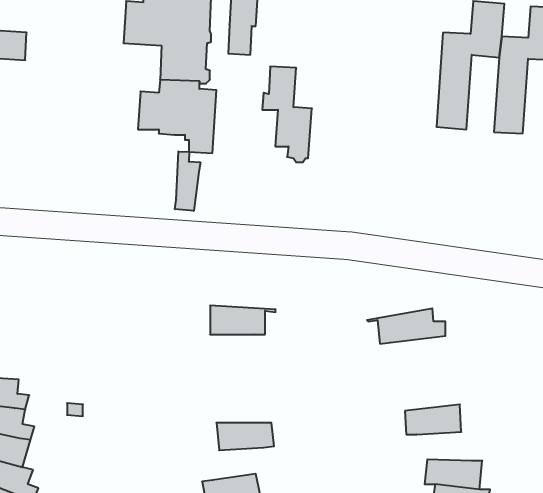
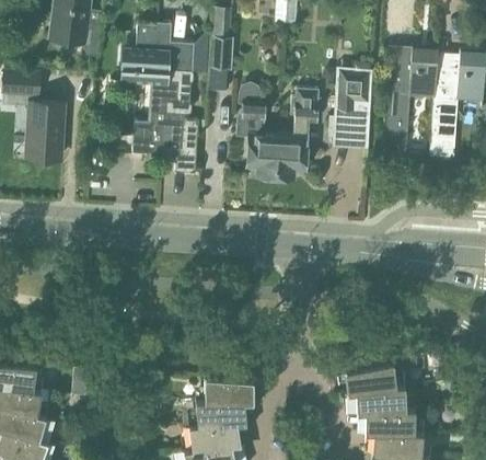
building: none -> [328,67,373,148]
building: none -> [275,91,319,182]
building: none -> [26,102,65,160]
building: [175,151,200,211] -> none
building: [210,306,276,334] -> [207,375,262,399]
building: [367,308,445,344] -> [336,360,402,390]
building: none -> [366,406,412,430]
building: none -> [192,419,240,447]

